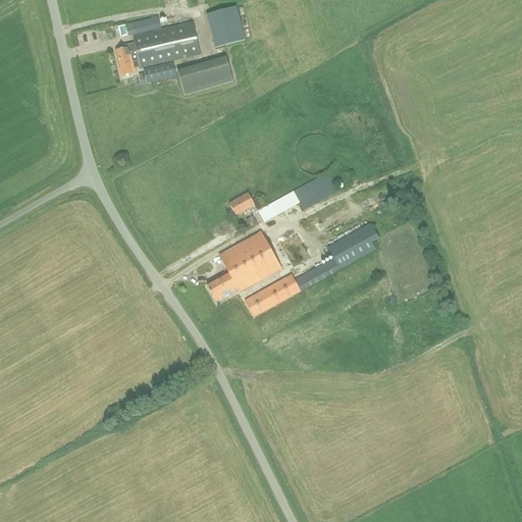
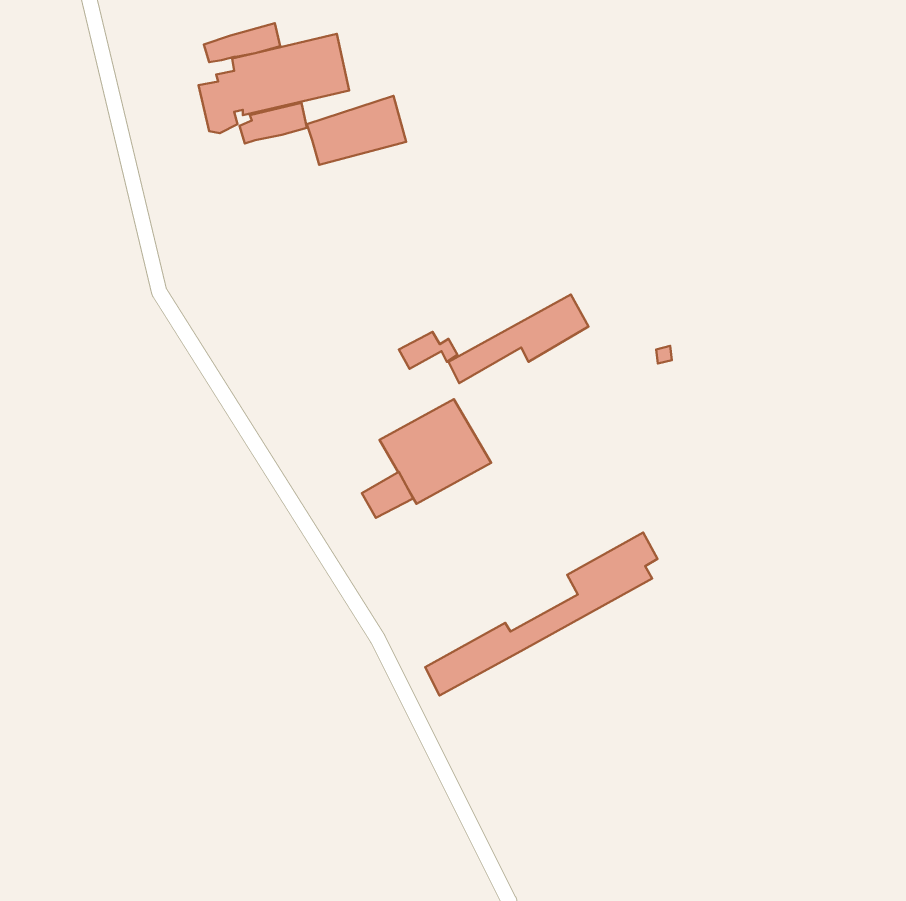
building: [206,6,246,47] -> none
building: [246,220,379,314] -> [425,532,657,696]

